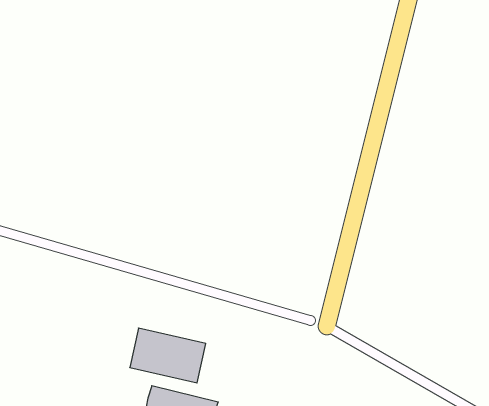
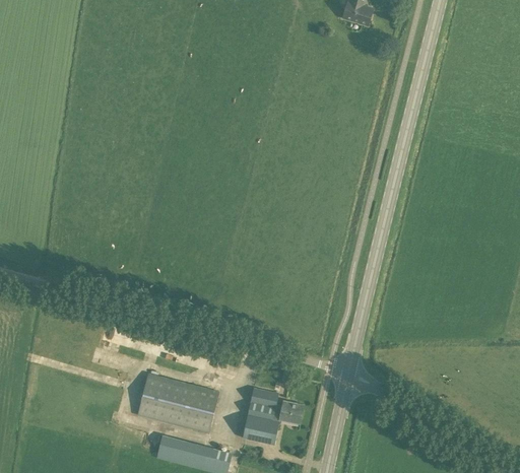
building: none -> [242,387,303,444]

